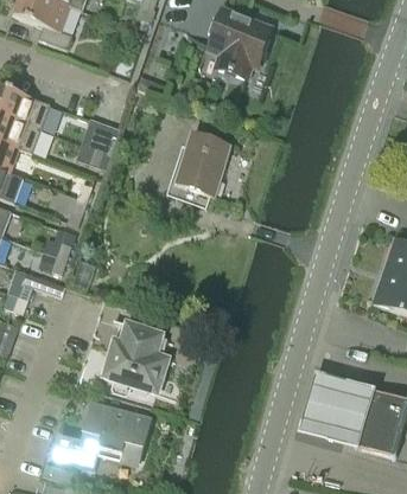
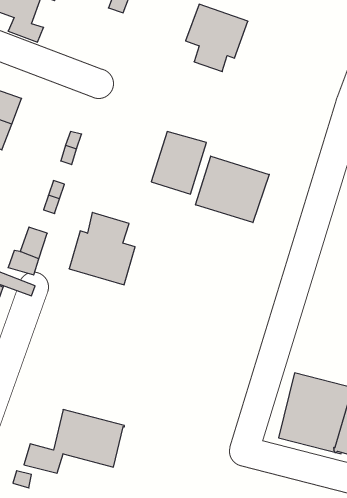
building: none -> [196,156,269,223]
building: [104,322,168,392] -> [69,212,135,285]

